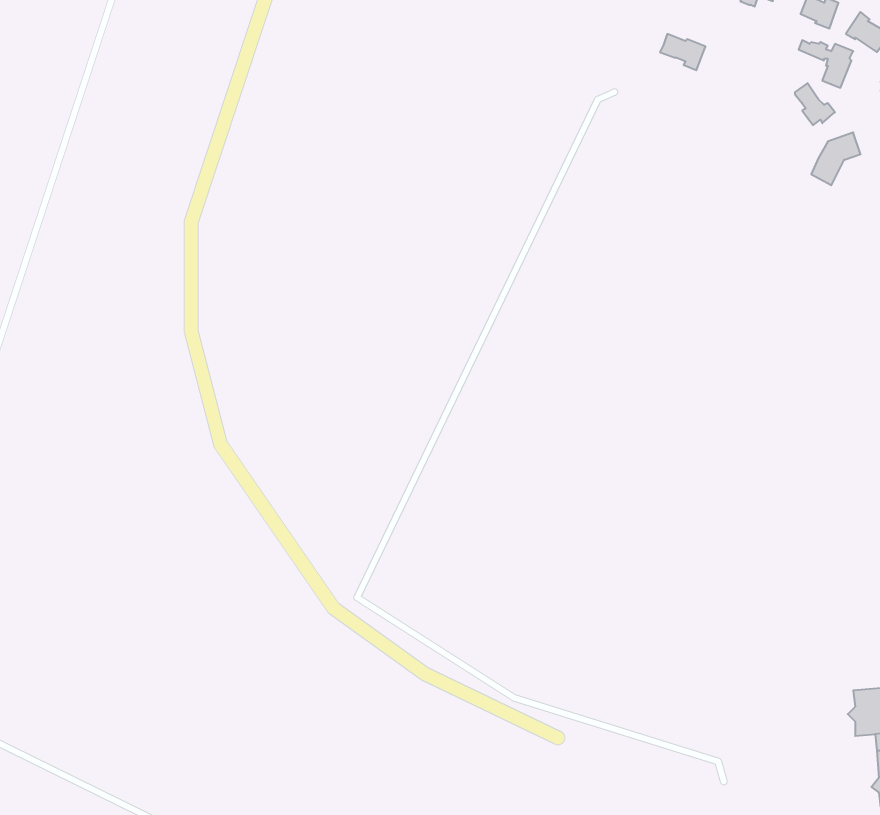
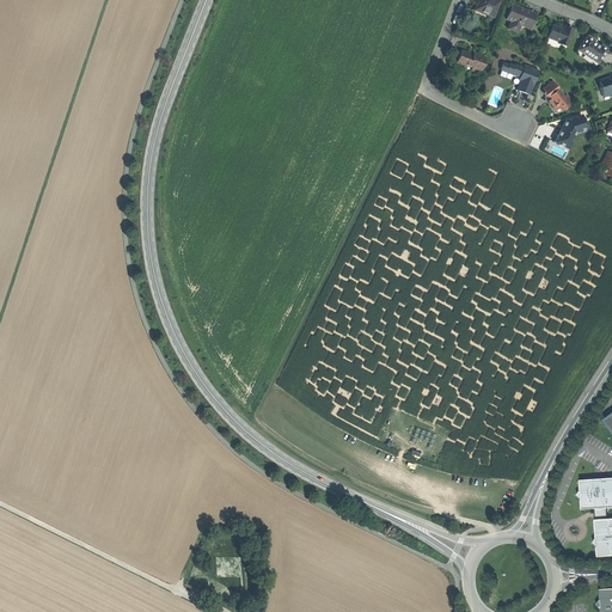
building: [799,40,853,88] -> [501,62,537,93]

